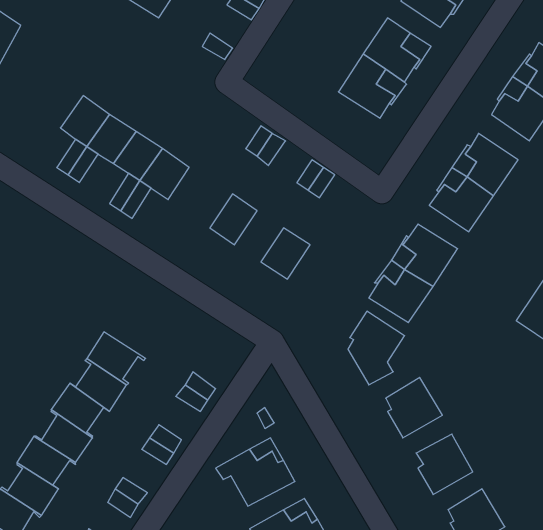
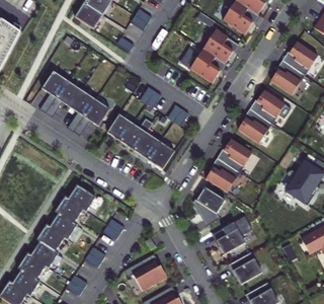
building: none -> [106,113,133,141]
building: none -> [134,132,160,159]
building: none -> [64,184,95,211]

